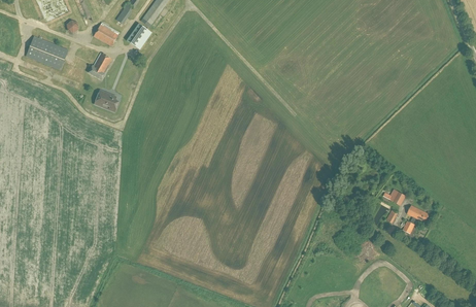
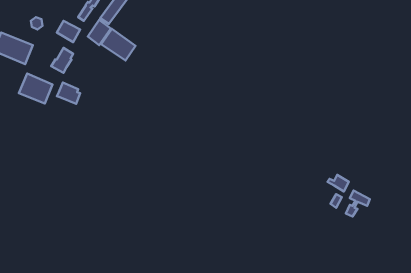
building: none -> [101,29,136,61]
building: none -> [19,73,53,103]

